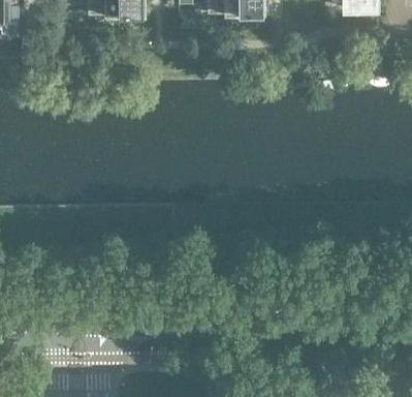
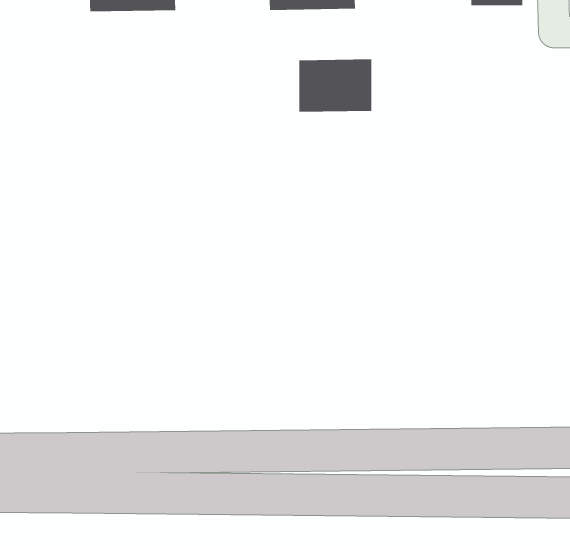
building: none -> [299,58,372,113]

